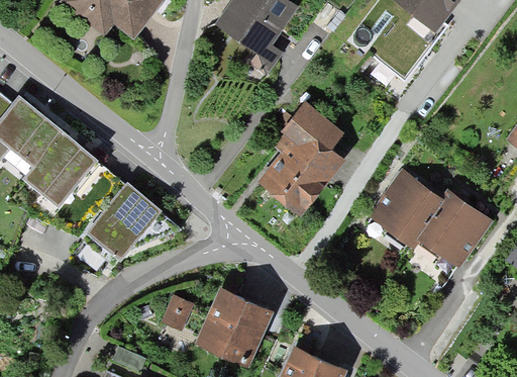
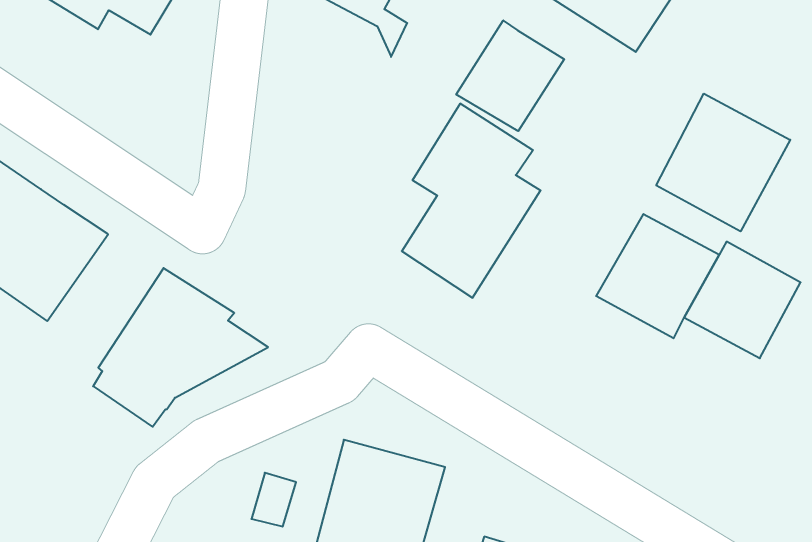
building: none -> [456,20,564,131]
building: none -> [656,94,790,231]

